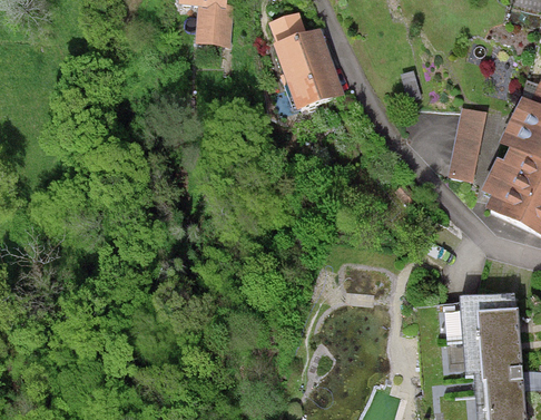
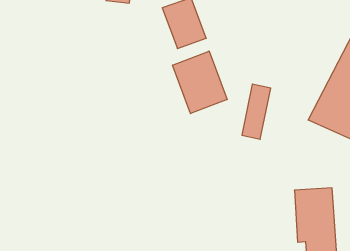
building: none -> [173,51,227,114]
building: [447,109,488,186] -> [242,84,271,139]

